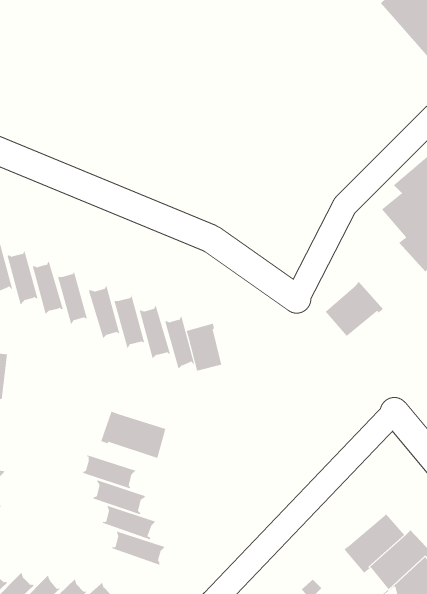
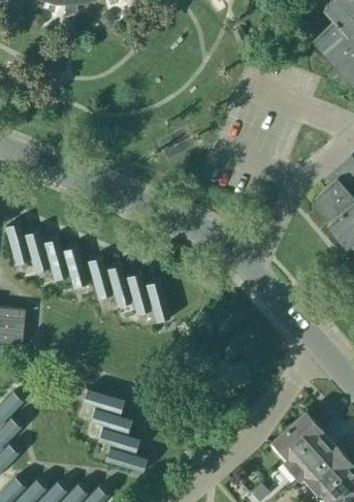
building: [325,281,384,337] -> none
building: [186,323,222,371] -> none
building: [101,411,166,459] -> none
building: none -> [268,411,321,458]

